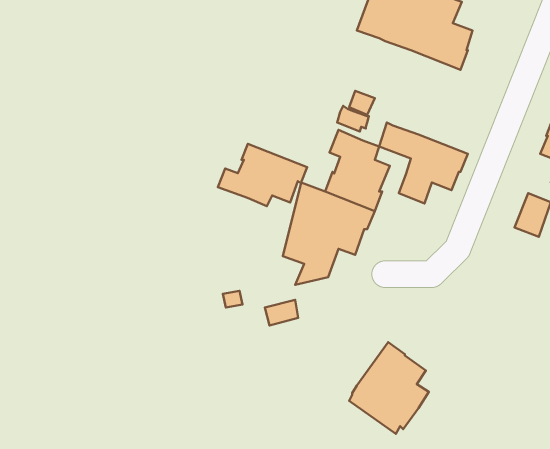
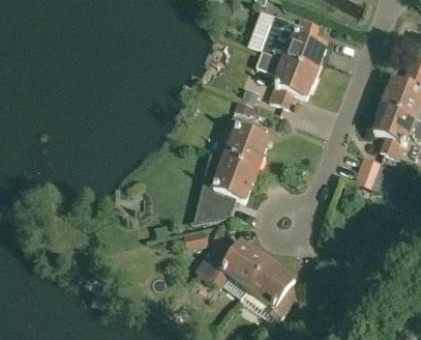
building: [379,122,468,204] -> [257,51,318,107]
building: [218,144,307,206] -> none
building: none -> [196,242,268,295]

